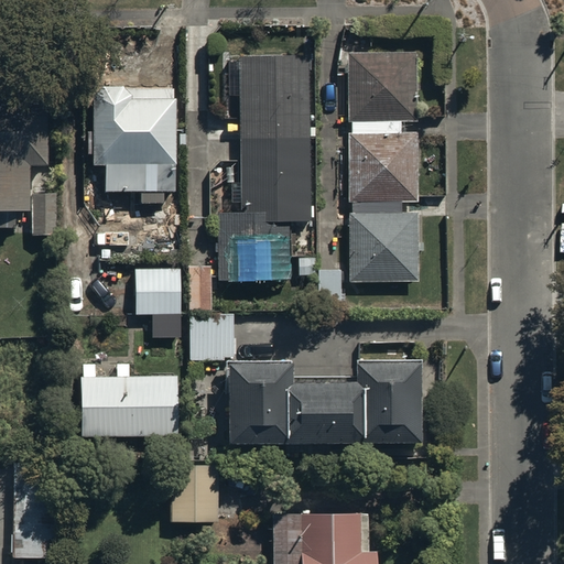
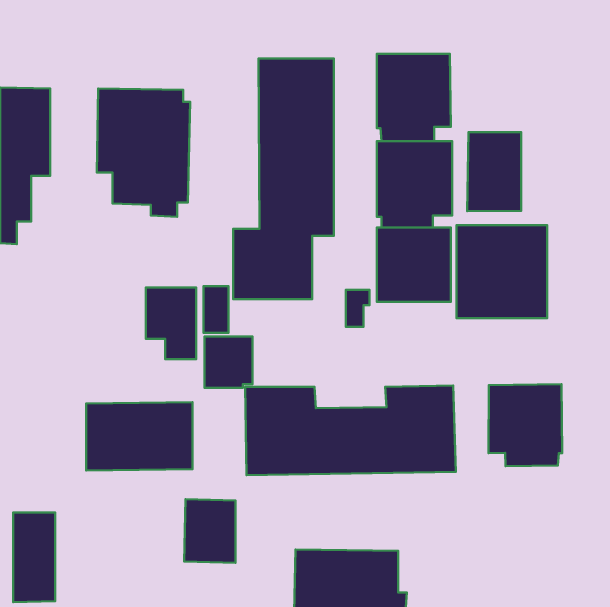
building: none -> [467,132,521,211]
building: none -> [457,225,547,318]
building: none -> [489,384,562,466]

